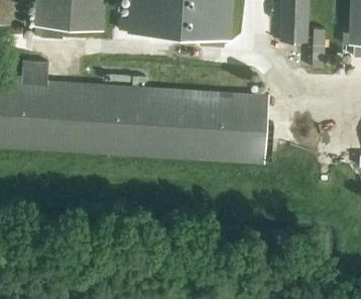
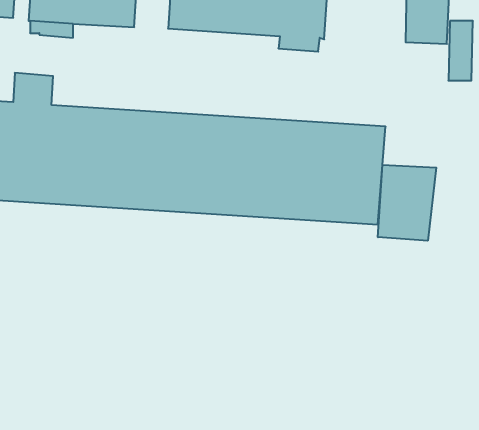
building: none -> [378,165,436,241]

